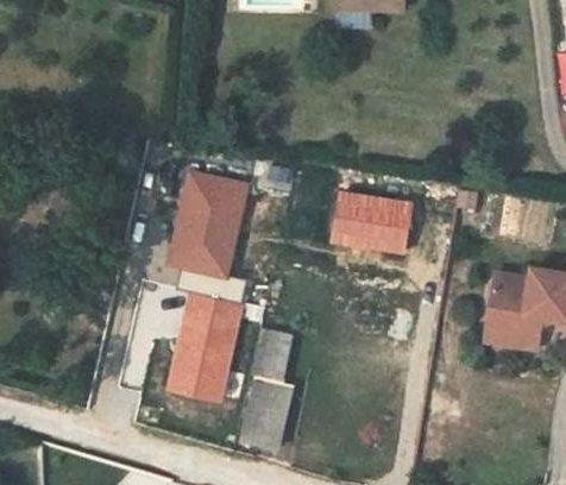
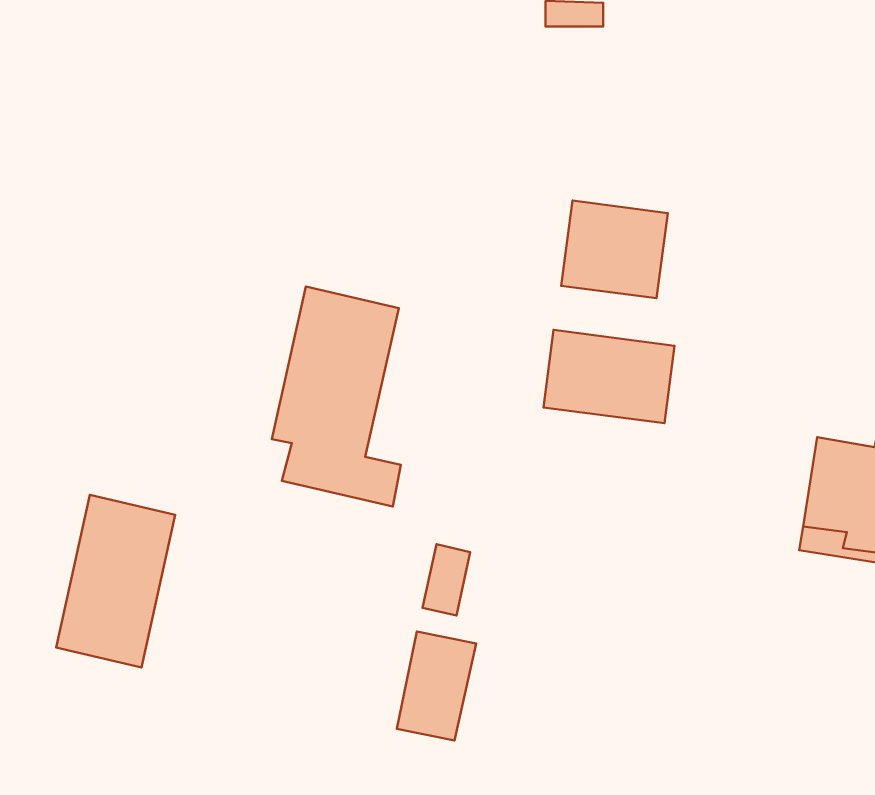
building: none -> [561,201,668,298]
building: [171,295,243,398] -> [56,495,175,667]

